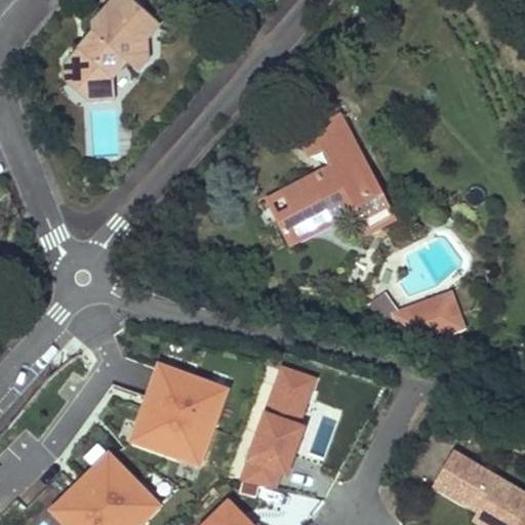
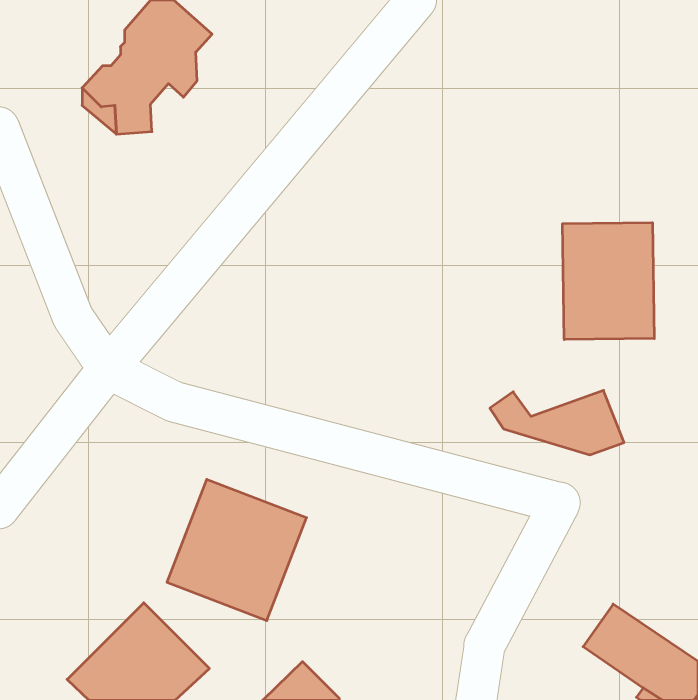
building: [265,113,397,248] -> none
building: none -> [563,223,654,340]
building: [247,365,316,489] -> none

